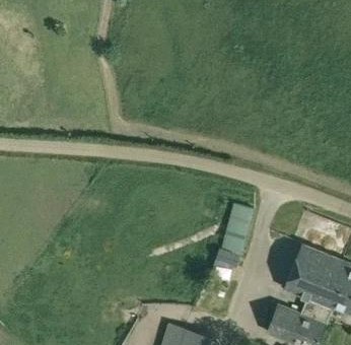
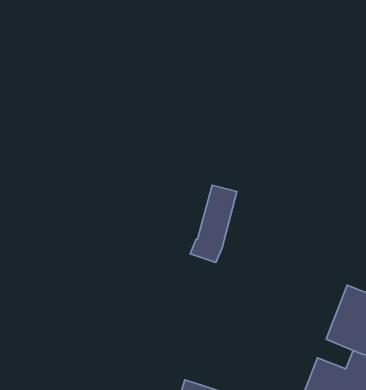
building: [214,204,253,268] -> [190,185,237,263]

